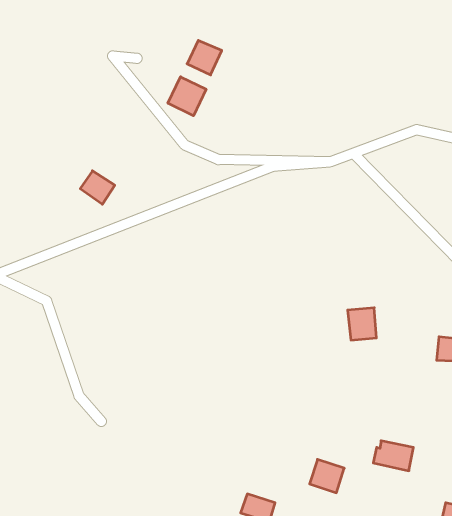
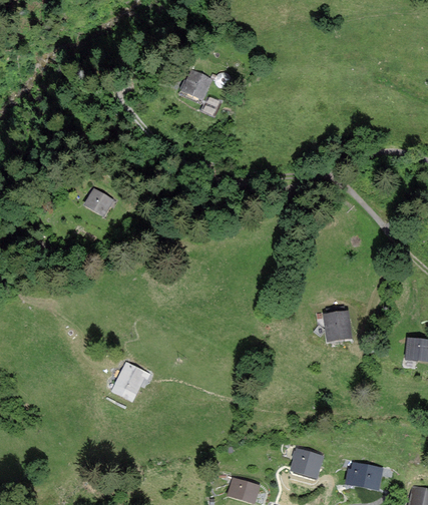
building: [168,77,206,116] -> none
building: none -> [113,363,150,400]
building: [373,441,413,471] -> [346,463,382,490]

